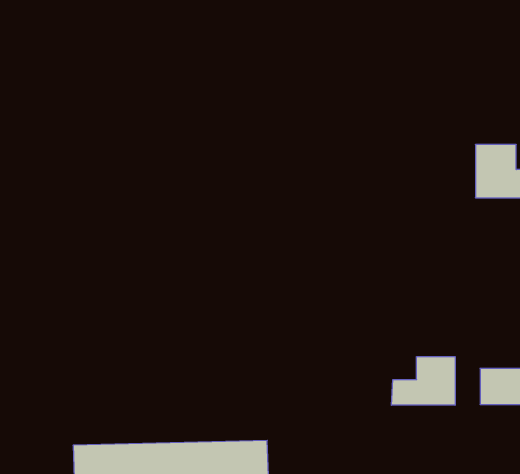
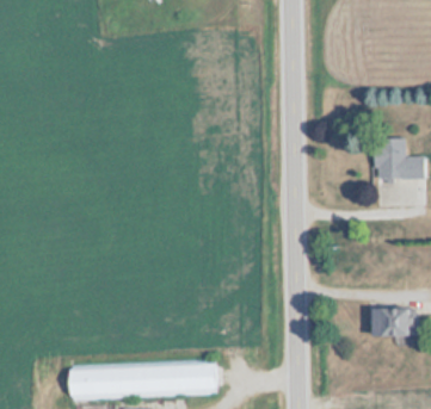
building: [391,357,455,405] -> none

